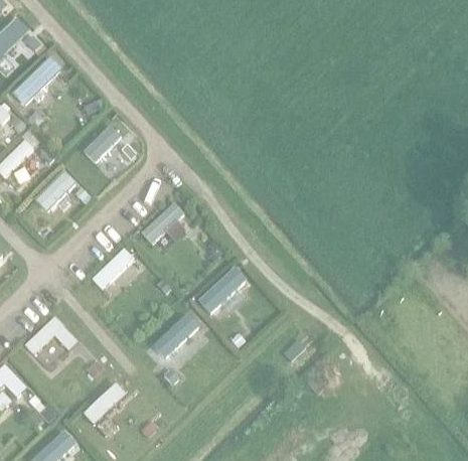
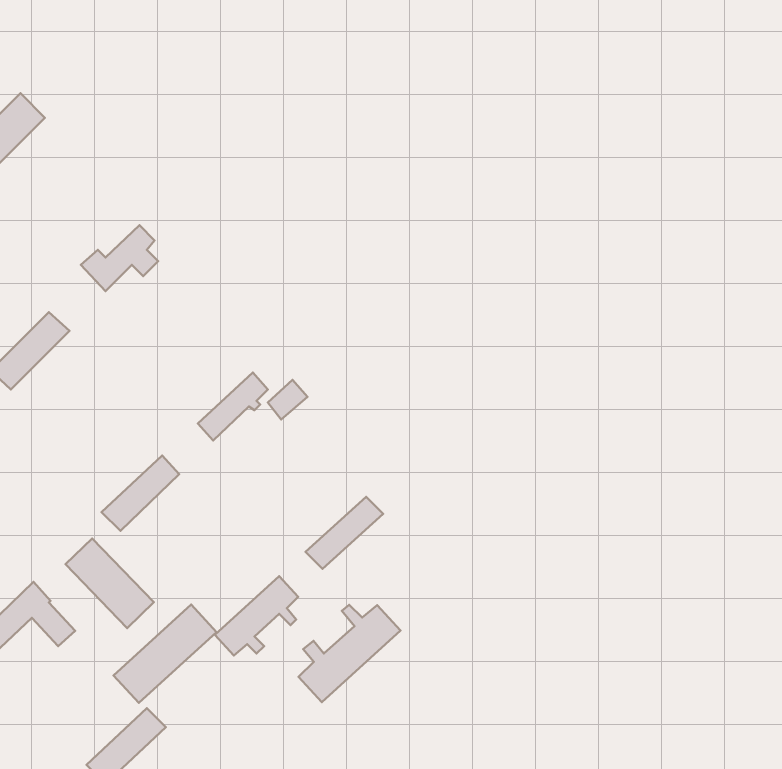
building: none -> [65,538,154,628]
building: none -> [113,605,216,703]
building: none -> [299,605,401,702]

